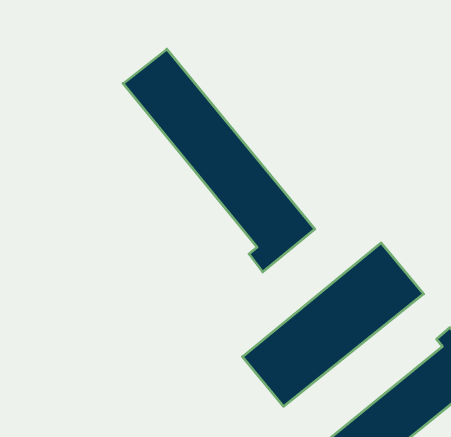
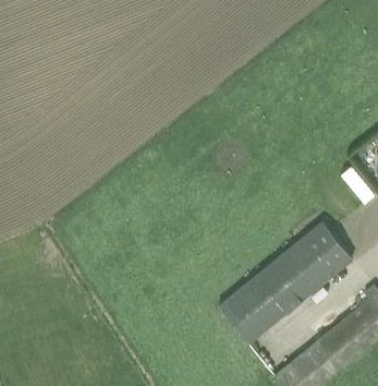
building: [123,49,315,272] -> none

